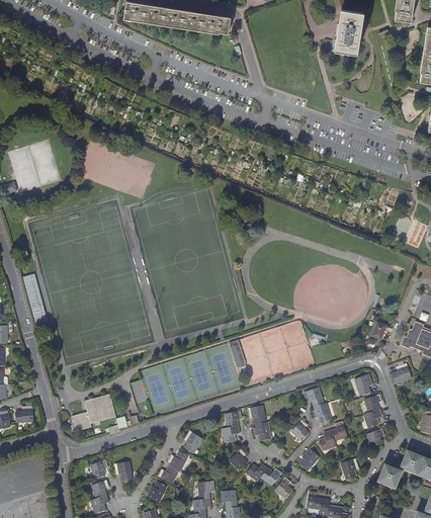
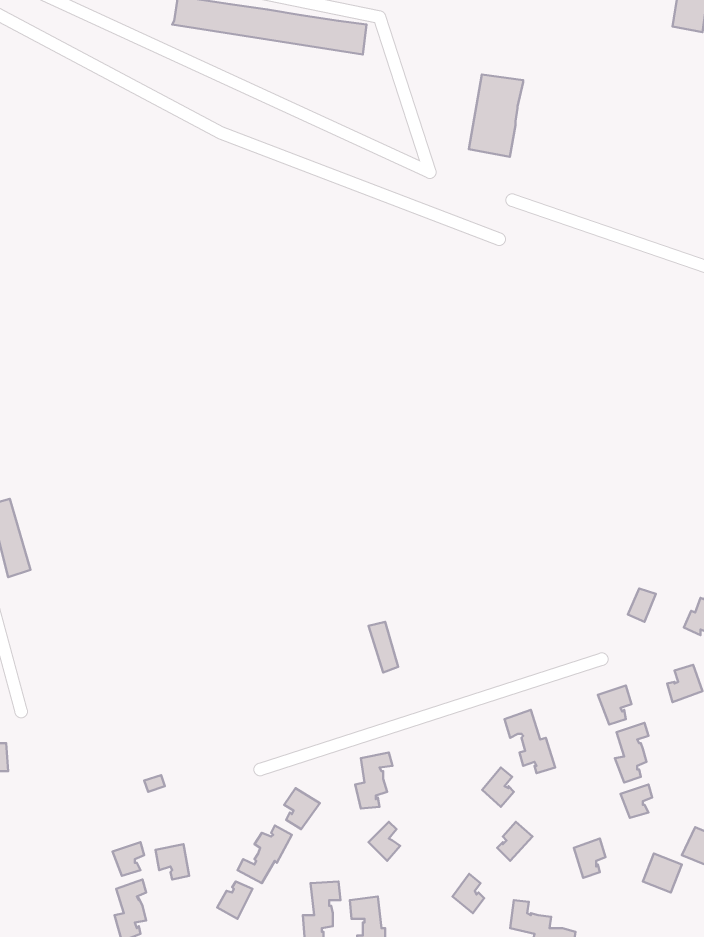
building: [334,9,363,54] -> [469,75,523,157]
building: [72,394,115,430] -> none
building: [248,406,271,441] -> none
building: [319,422,347,451] -> none
building: [247,464,281,486] -> none

